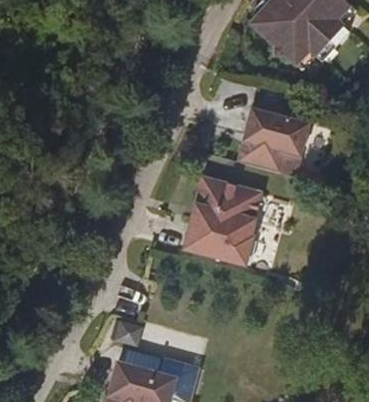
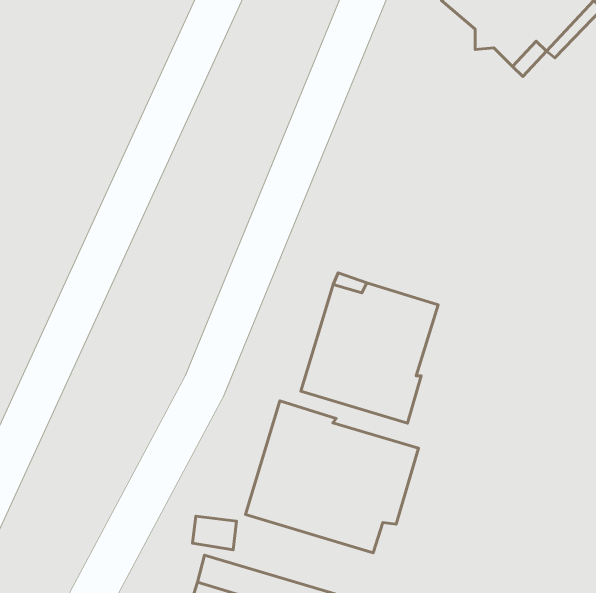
building: [235,107,310,173] -> none
building: none -> [245,401,419,553]

